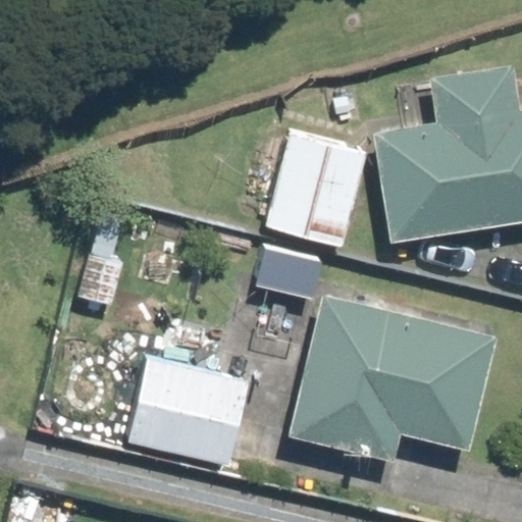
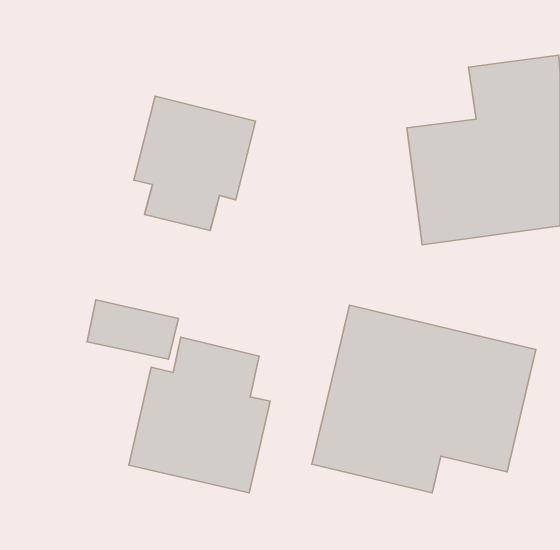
building: none -> [134,96,256,230]
building: [265,134,380,254] -> none

